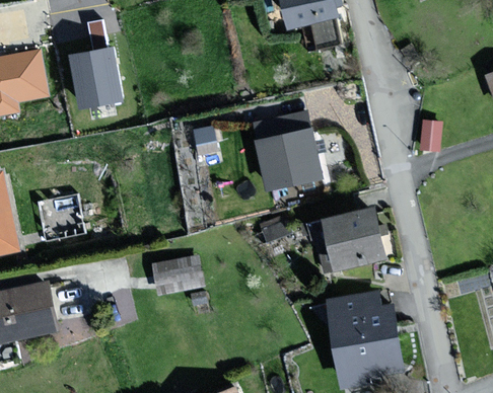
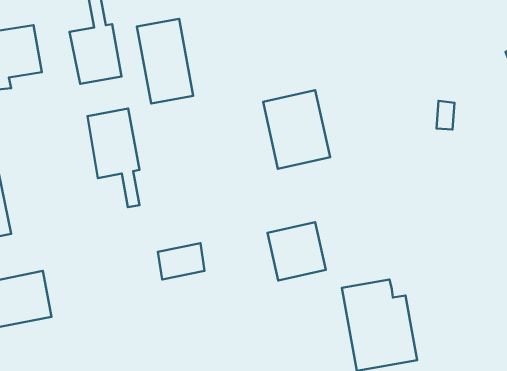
building: none -> [137,19,193,103]
building: none -> [88,108,140,207]
building: [328,211,383,266] -> [267,222,326,281]

